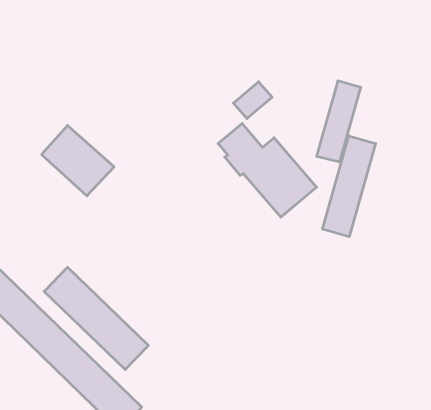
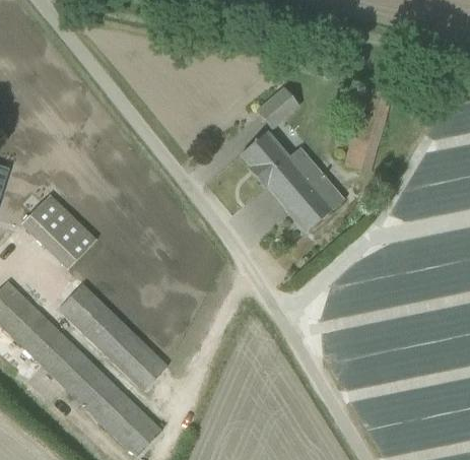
building: [42,125,114,196] -> [23,193,99,267]
building: [323,136,376,237] -> none

